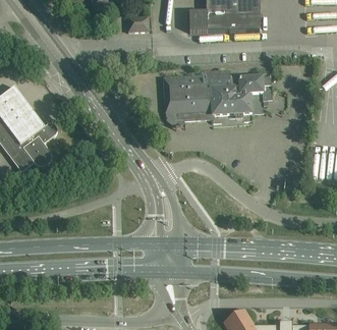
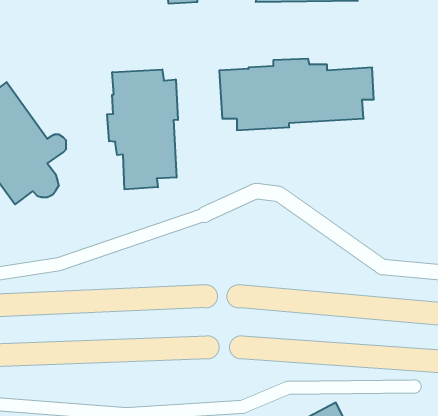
building: none -> [107,69,178,189]

